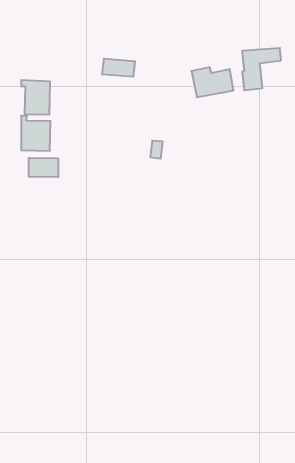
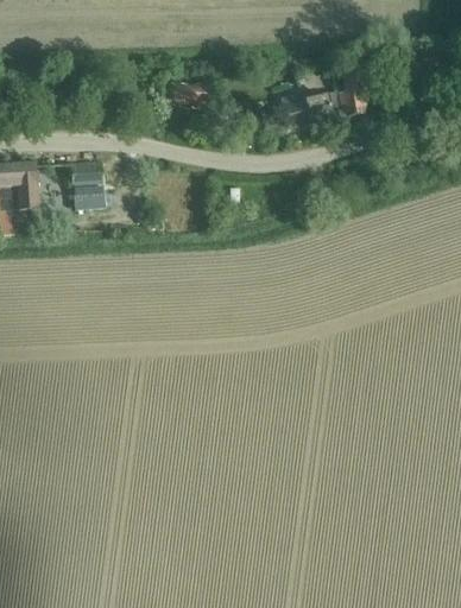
building: [21,80,50,115] -> none
building: [29,158,58,177] -> none

